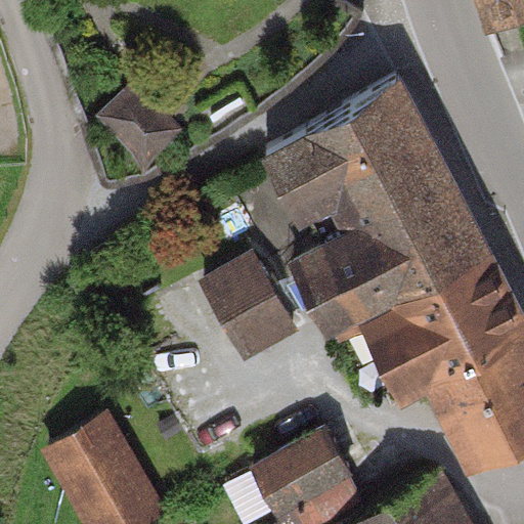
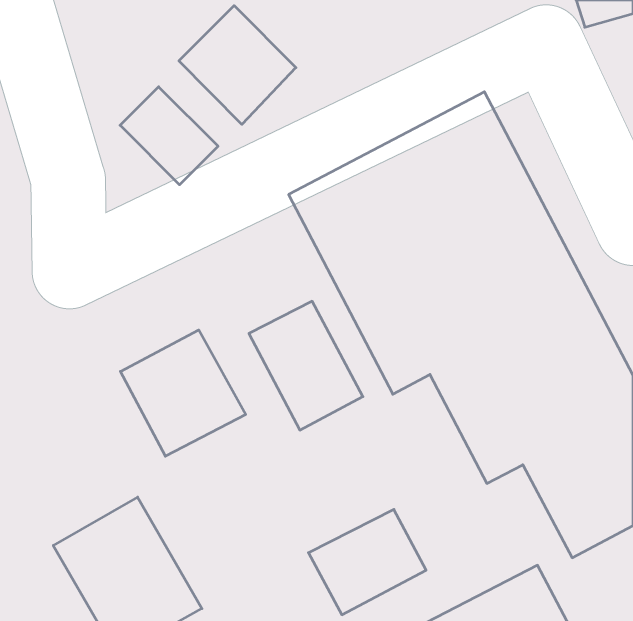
building: none -> [179,6,296,124]
building: none -> [120,330,246,456]

